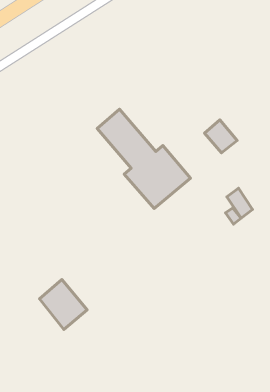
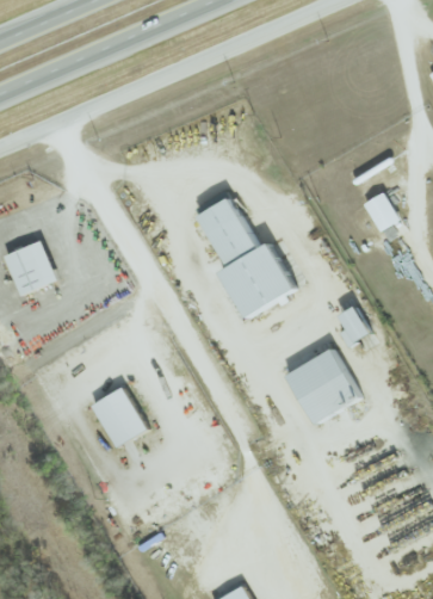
building: [204,120,237,153] -> [361,192,400,233]
building: none -> [289,348,360,420]

